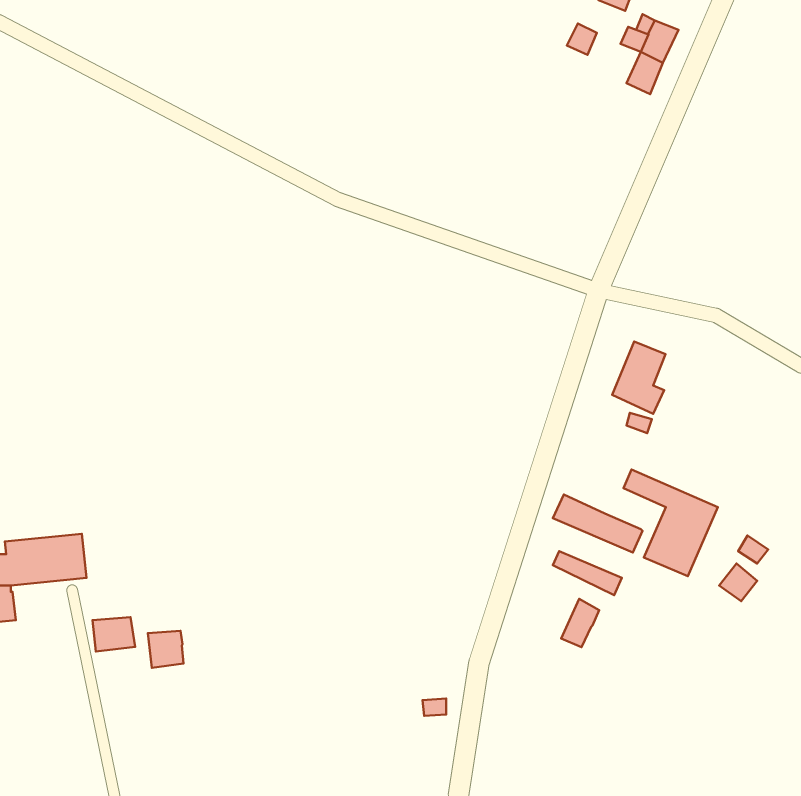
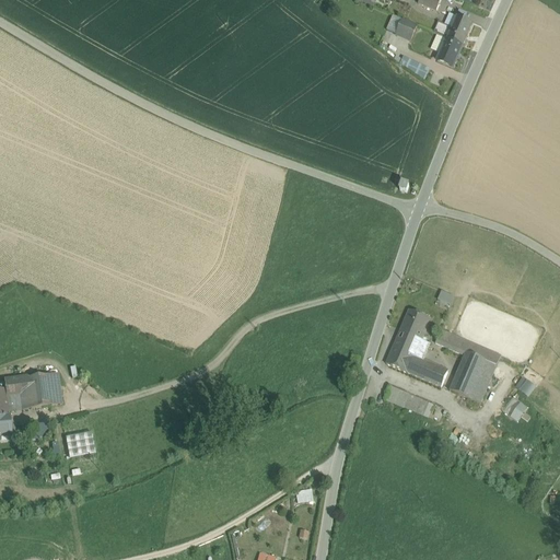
building: [612,341,666,414] -> [393,307,430,358]
building: [561,599,599,647] -> none
building: [148,631,183,668] -> none

